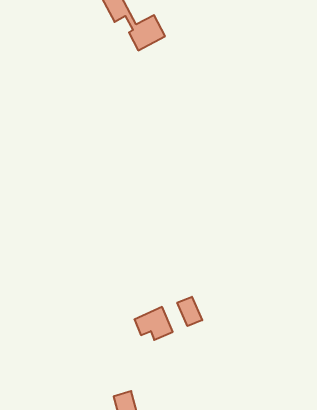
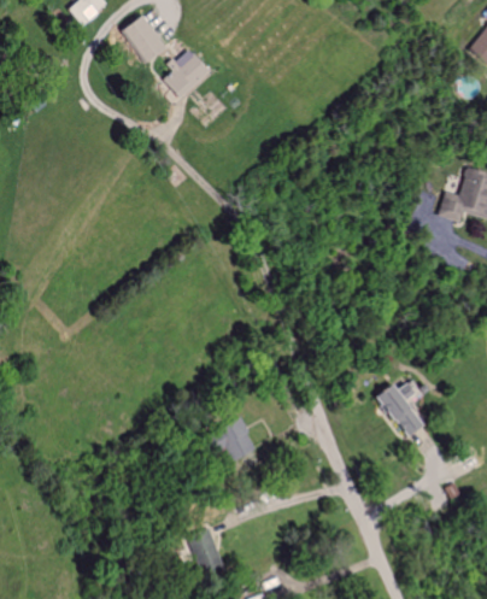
building: none -> [369,381,418,436]
building: [177,297,202,326] -> none

